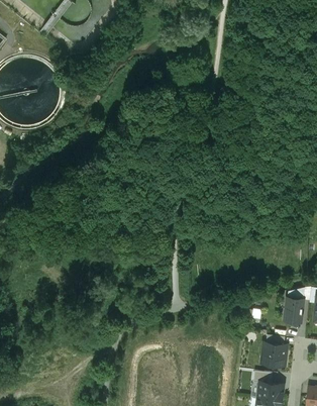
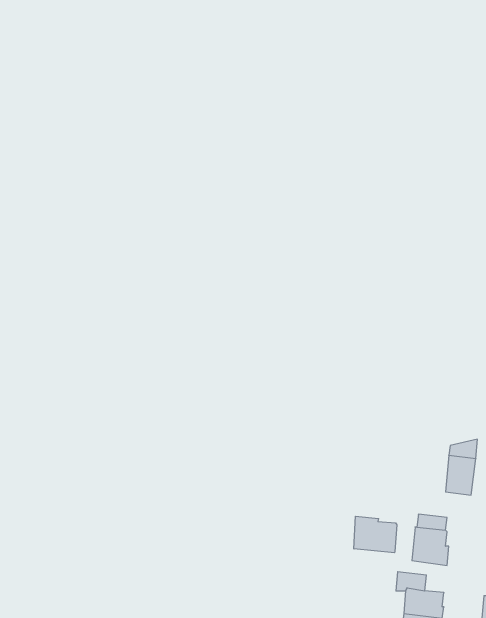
building: none -> [354,516,397,553]

